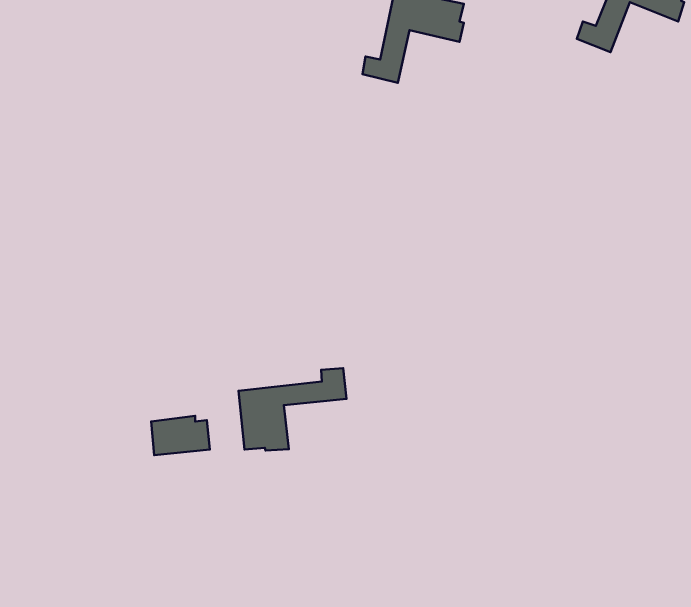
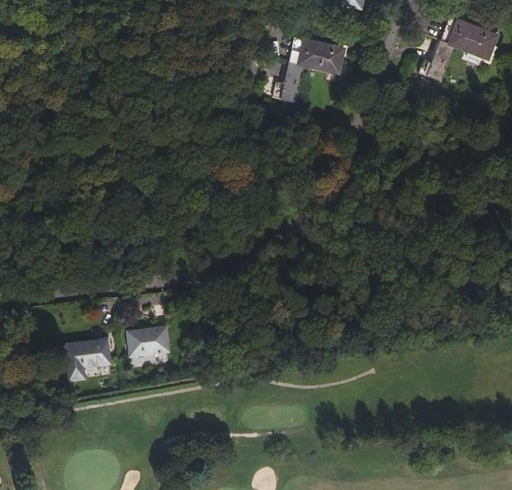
building: [238,368,347,450] -> none
building: none -> [67,341,111,380]

